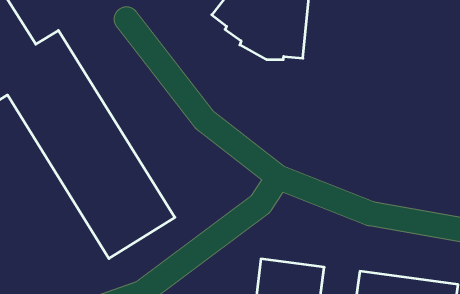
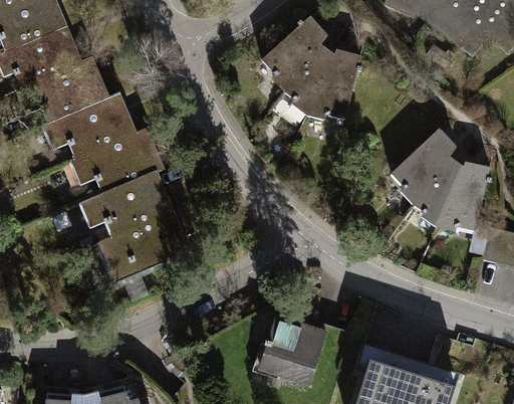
building: none -> [391,128,490,230]

